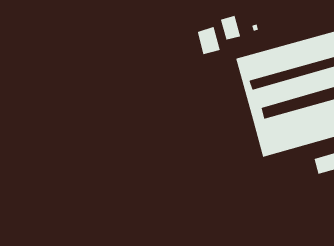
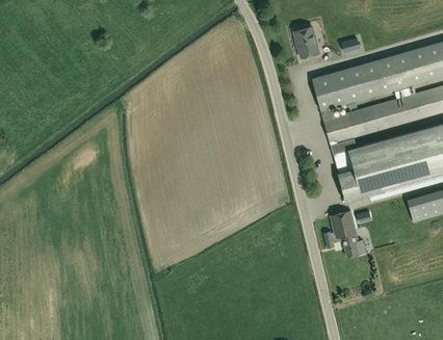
building: [197,26,221,55] -> none
building: none -> [324,209,367,257]

